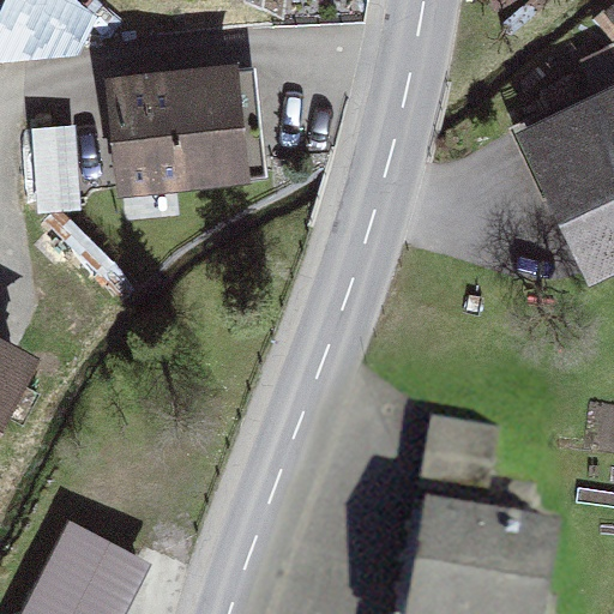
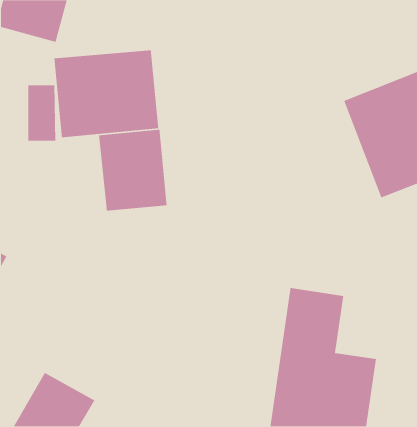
building: none -> [98,129,168,211]

